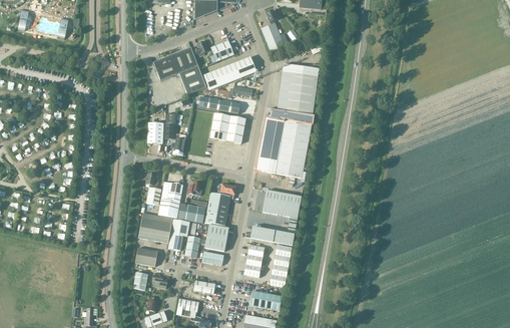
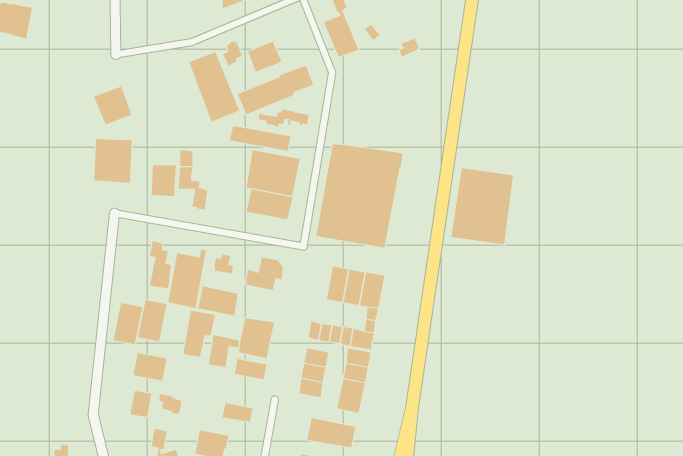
building: [152,54,178,80] -> [93,86,132,125]
building: [277,63,319,114] -> [450,168,514,245]
building: none -> [94,138,132,184]
building: none -> [246,188,294,220]
building: [204,202,227,225] -> none
building: [152,215,172,243] -> [113,303,143,345]

